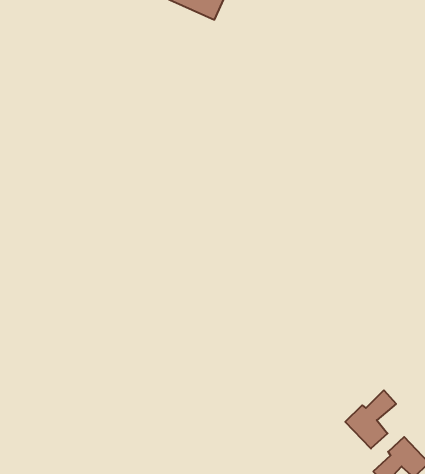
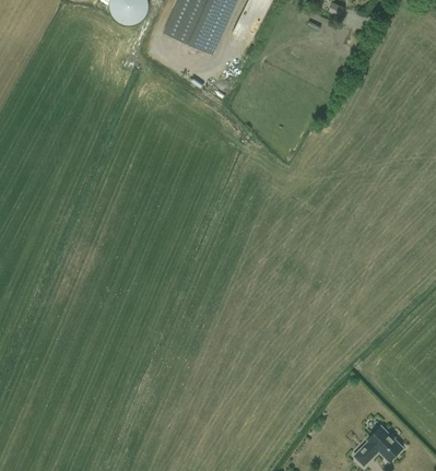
building: [345,390,396,449] -> none

